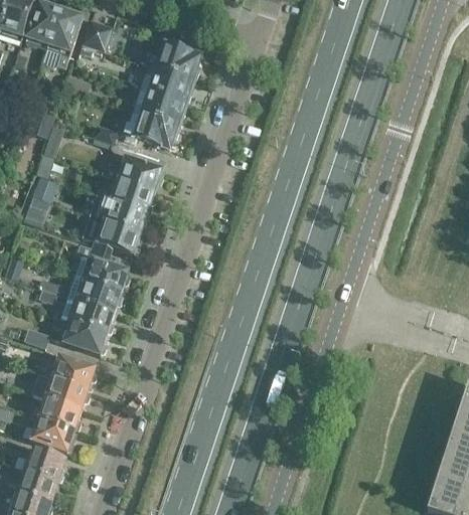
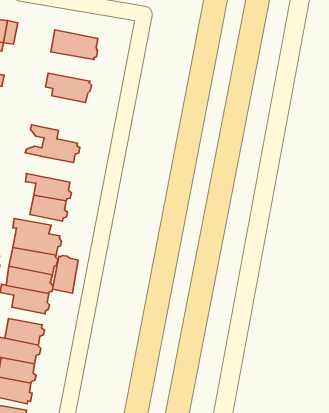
building: [139,68,192,104] -> none
building: [89,111,177,153] -> none
building: [96,180,156,213] -> none
building: none -> [52,255,78,293]

